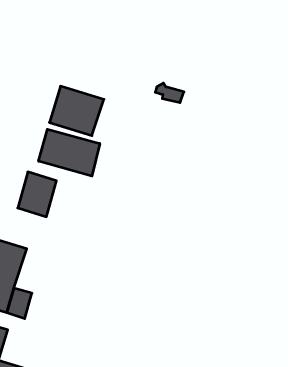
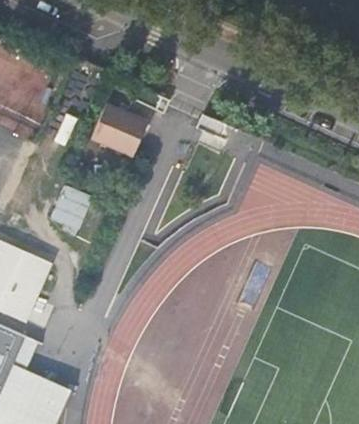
building: [39,129,100,176] -> none

